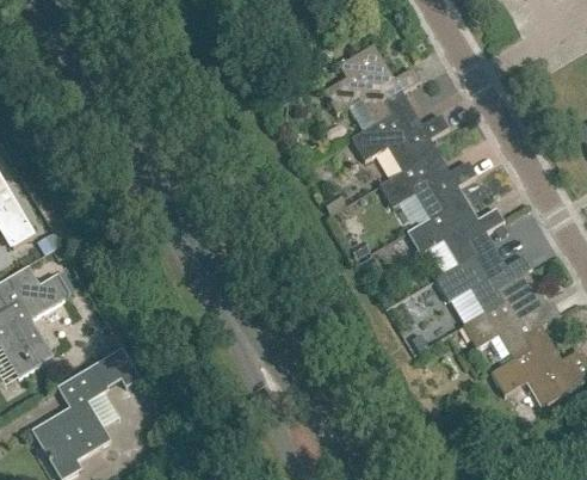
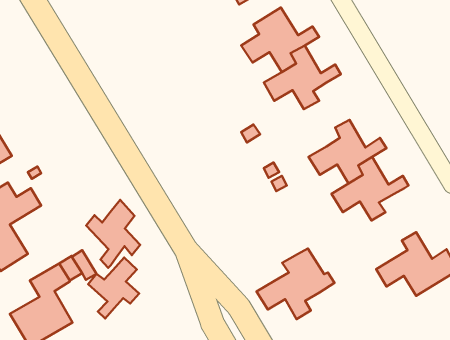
building: [378,140,474,220] -> none
building: [462,272,560,361] -> [257,249,335,319]
building: none -> [86,200,140,268]
building: none -> [88,257,139,318]

